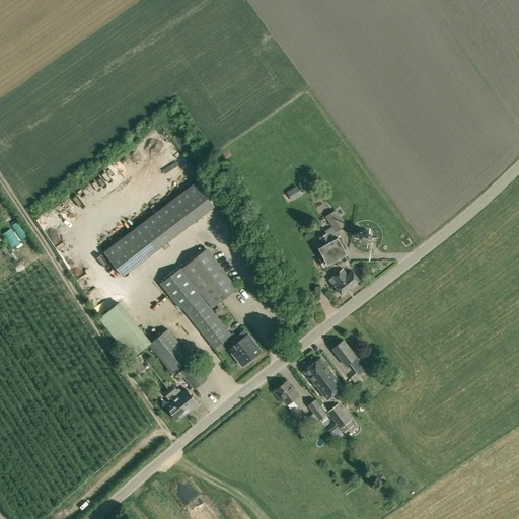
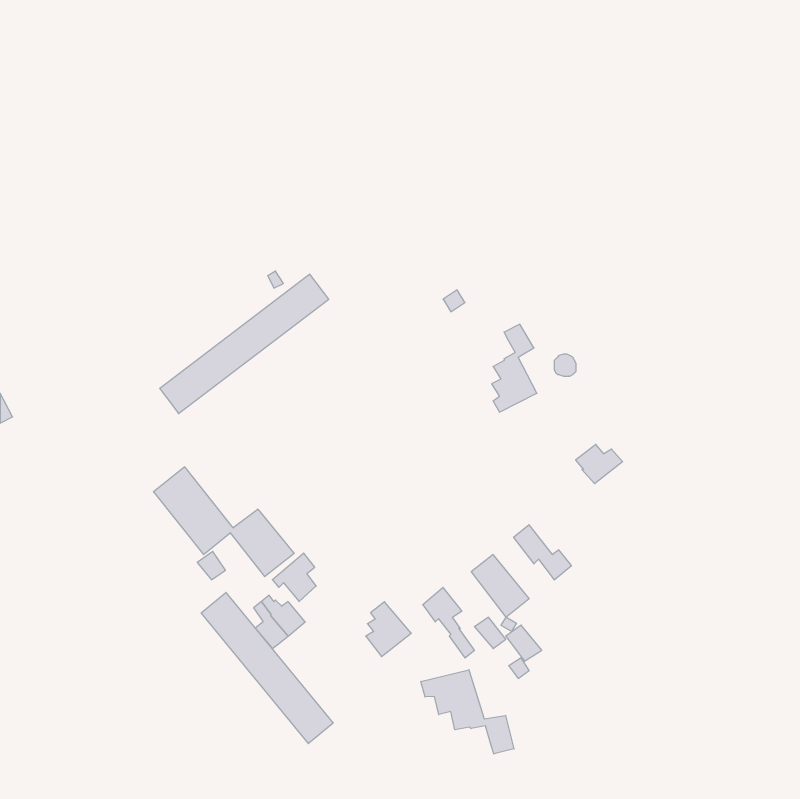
building: [160,248,237,349] -> none
building: [329,270,360,295] -> [576,444,623,484]
building: [232,330,262,366] -> [366,602,411,657]
building: none -> [201,592,333,744]
building: none -> [421,670,514,754]

